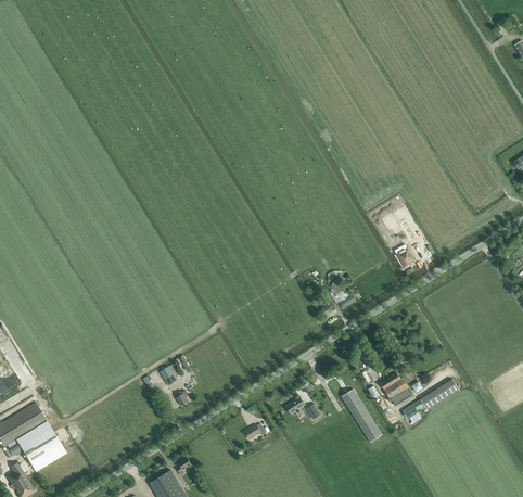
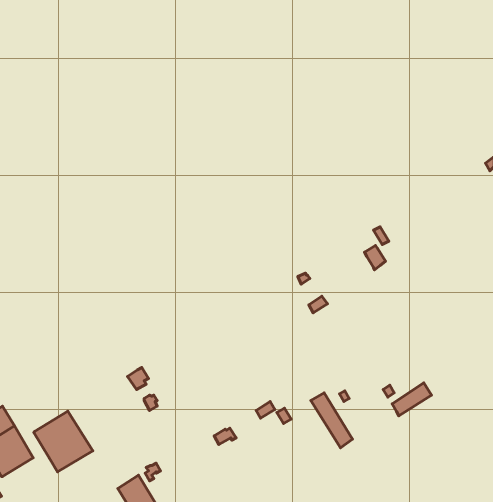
building: [380,373,411,407] -> none
building: none -> [34,411,93,472]

